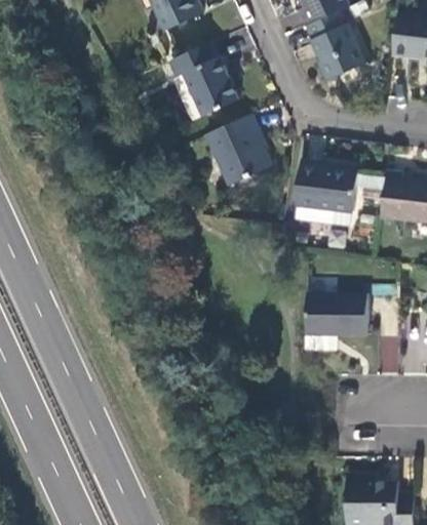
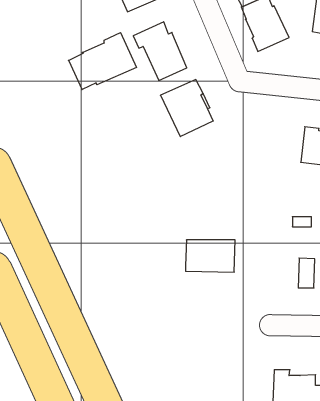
building: none -> [68,33,136,90]
building: [296,161,358,226] -> none
building: [306,294,367,334] -> [186,240,235,272]

